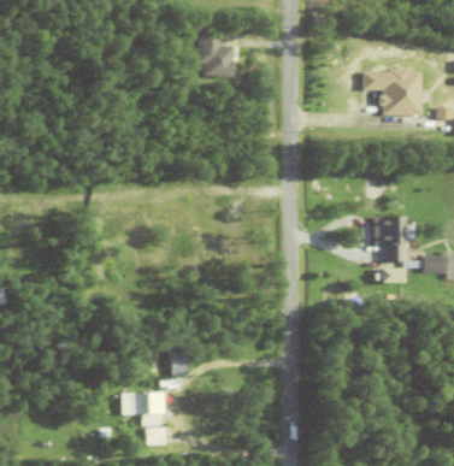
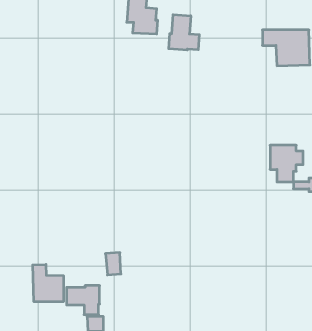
building: none -> [169,15,199,50]
building: none -> [33,264,63,302]

